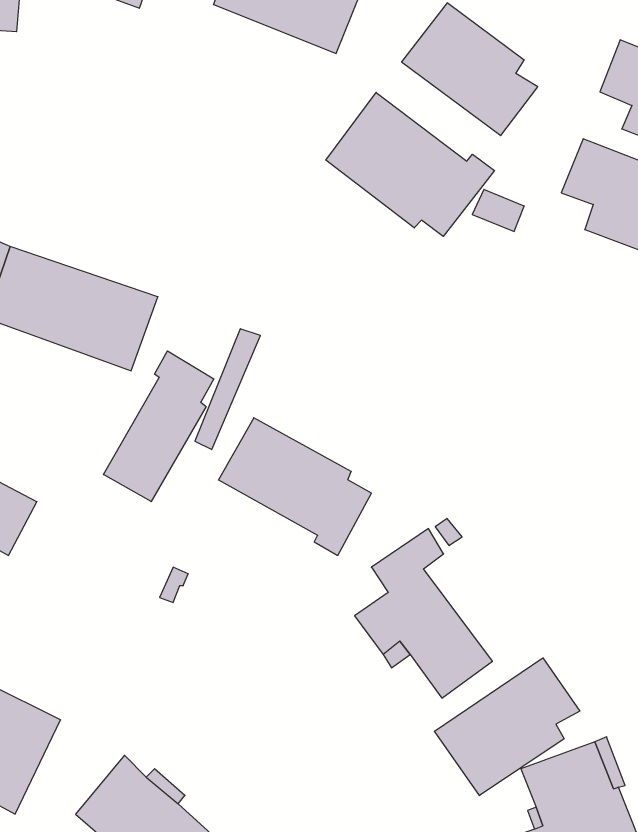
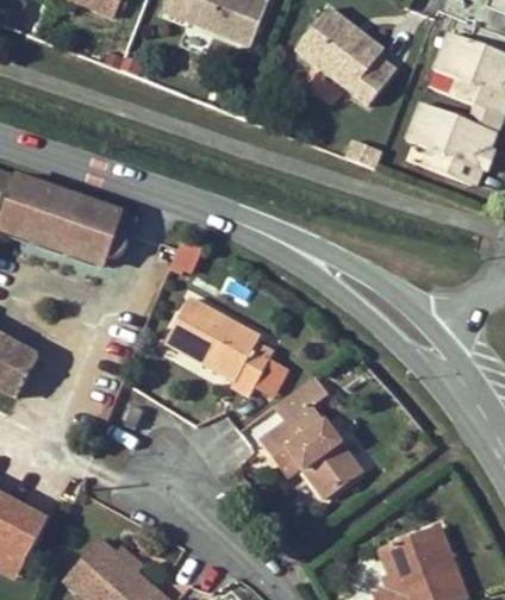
building: [326,92,494,236] -> none
building: [103,351,214,502] -> none
building: [434,658,580,796] -> none

